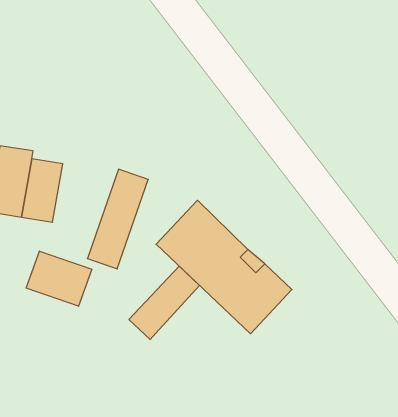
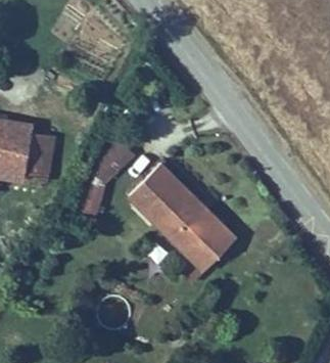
building: [26,251,92,306] -> none
building: [129,266,200,340] -> none

